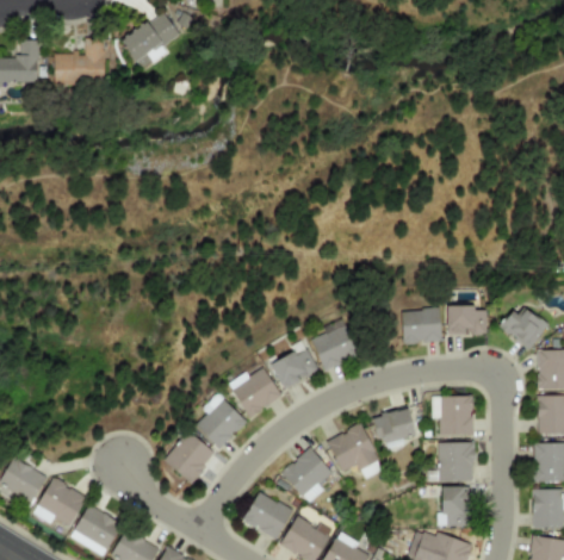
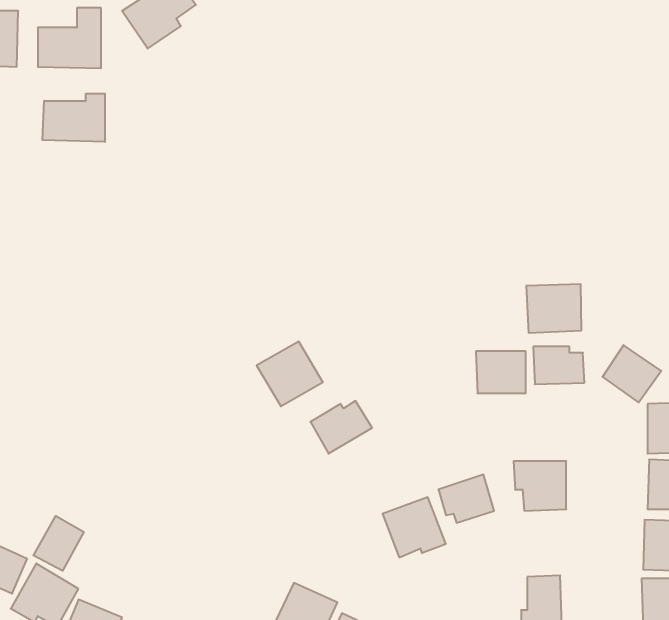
building: none -> [42,94,105,142]
building: none -> [526,284,581,333]
building: [311,319,360,372] -> none
building: [230,366,283,417] -> [257,341,323,406]
building: [196,394,247,450] -> none
building: [165,431,216,484] -> none
building: none -> [33,516,84,571]
building: [438,443,475,483] -> none
building: [281,448,333,504] -> none

